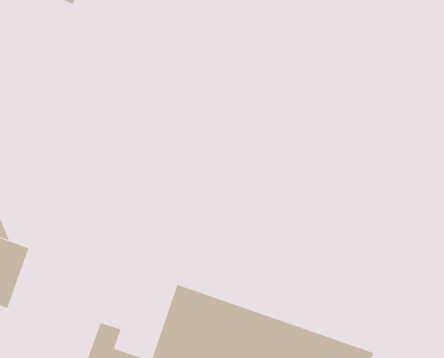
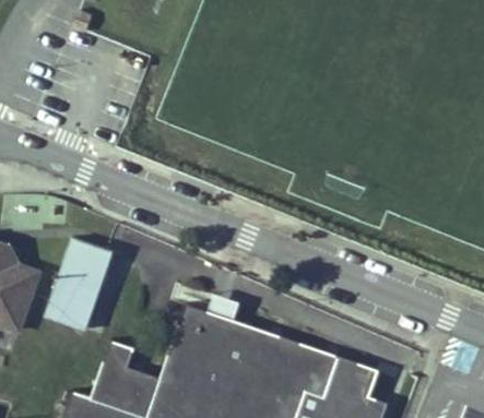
building: none -> [44,238,113,333]

